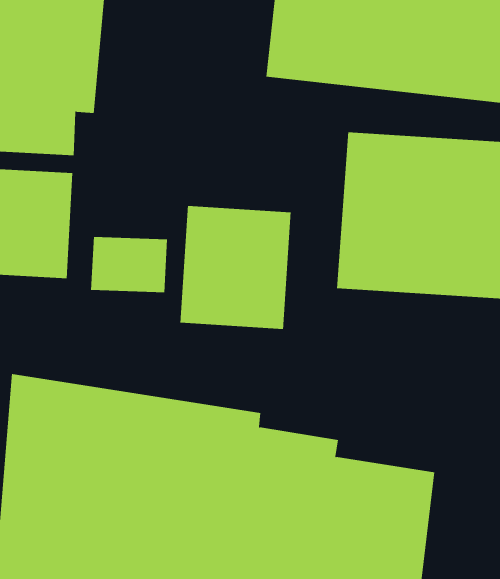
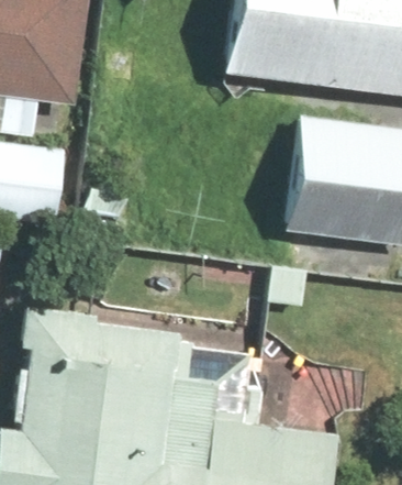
building: [180,205,291,330] -> none

